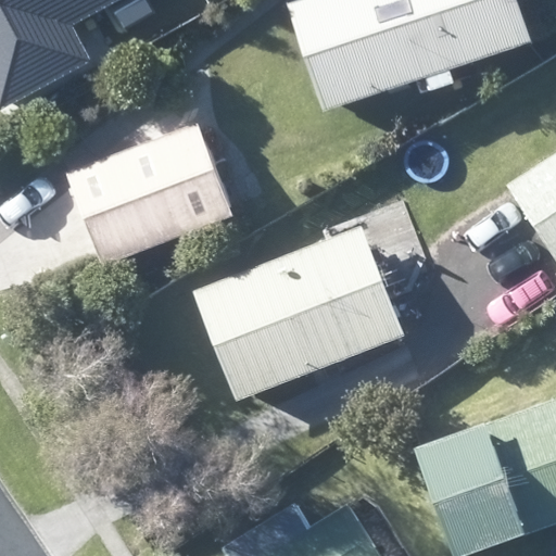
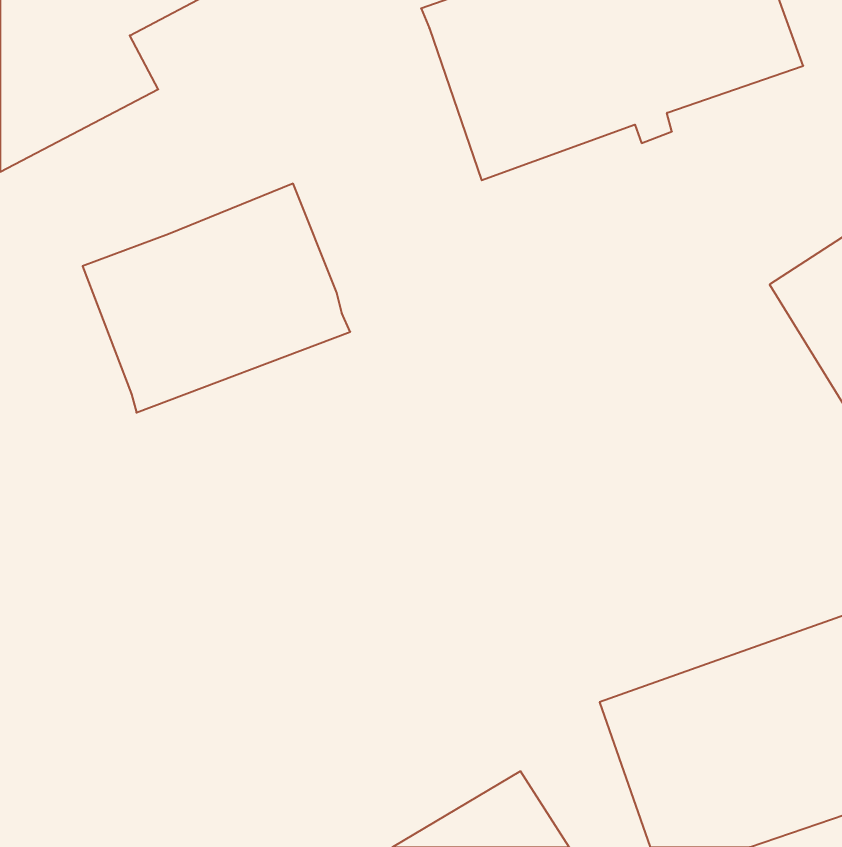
building: [191,224,405,400] -> none

